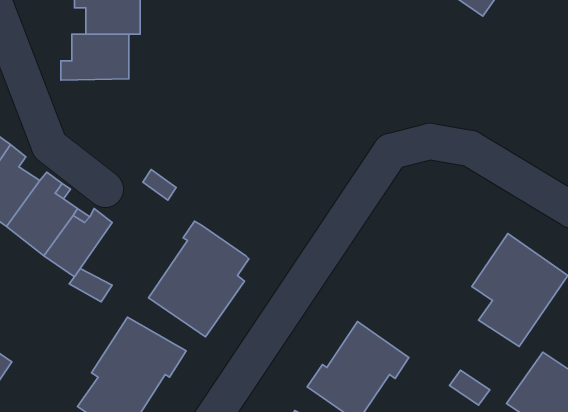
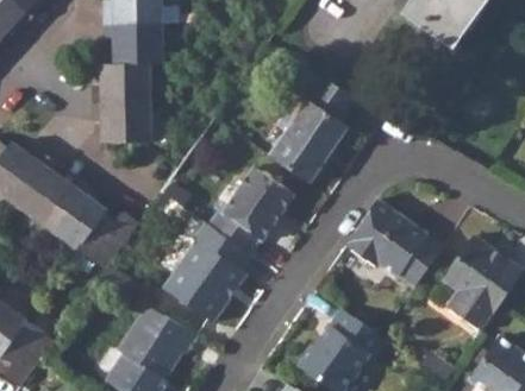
building: none -> [270,77,355,182]
building: none -> [90,101,149,141]
building: none -> [211,168,294,252]
building: none -> [349,198,442,285]

